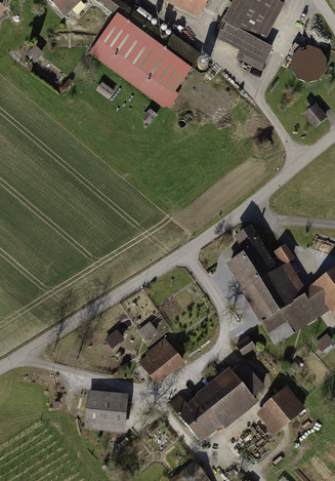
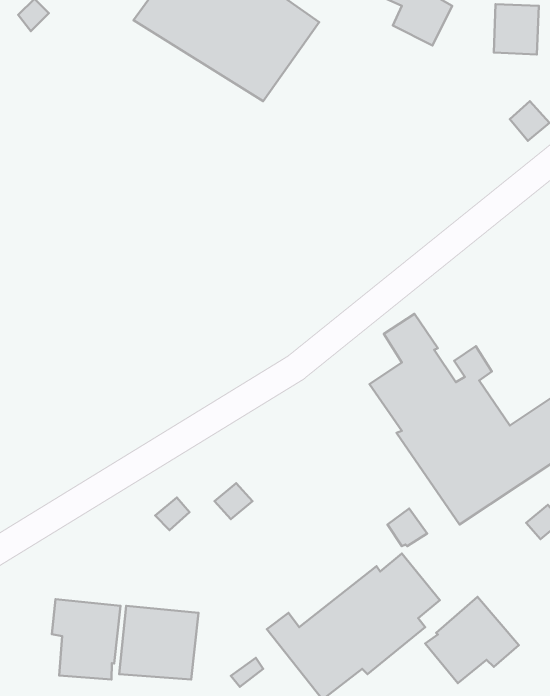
building: [137,335,184,385] -> none
building: none -> [52,599,121,679]

